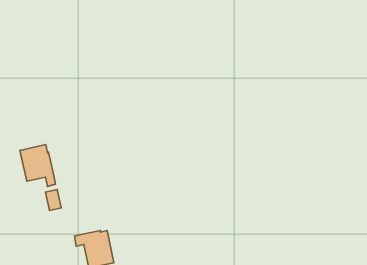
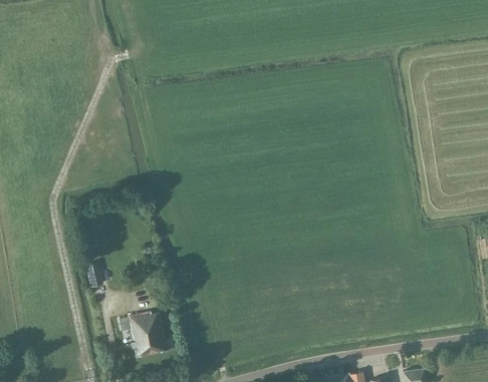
building: [20,145,55,187] -> none

